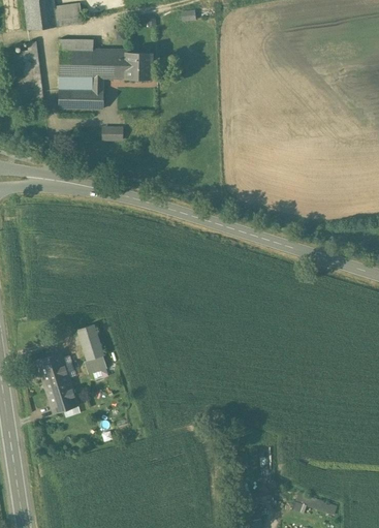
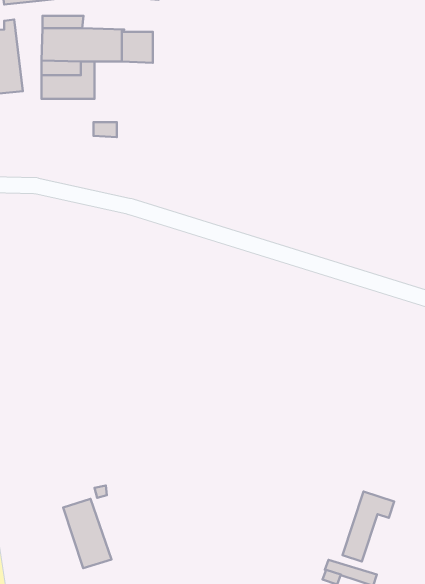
building: [81,331,110,376] -> none
building: [36,354,76,412] -> [63,499,112,568]
building: none -> [342,491,394,561]

